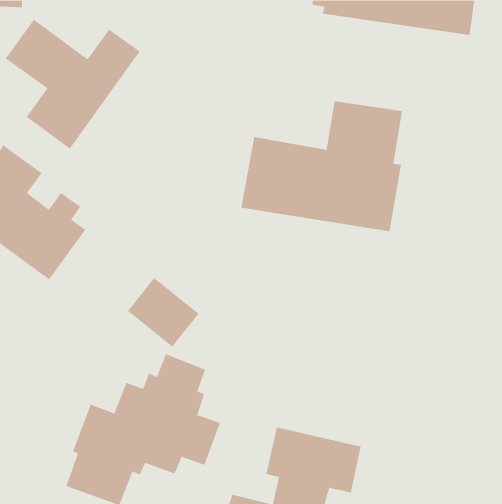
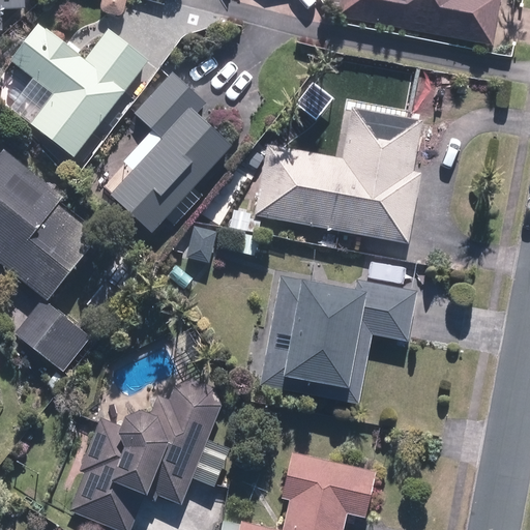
building: none -> [109,71,234,235]
building: none -> [273,270,414,401]
building: [127,277,199,348] -> [14,300,90,374]

